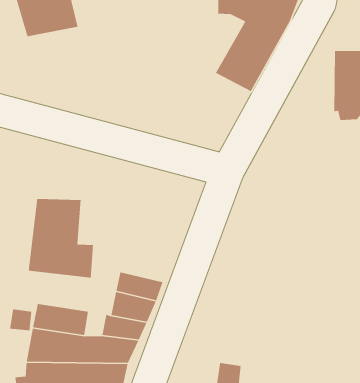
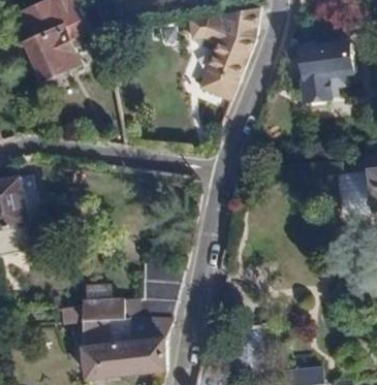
building: [28,198,94,279] -> none

